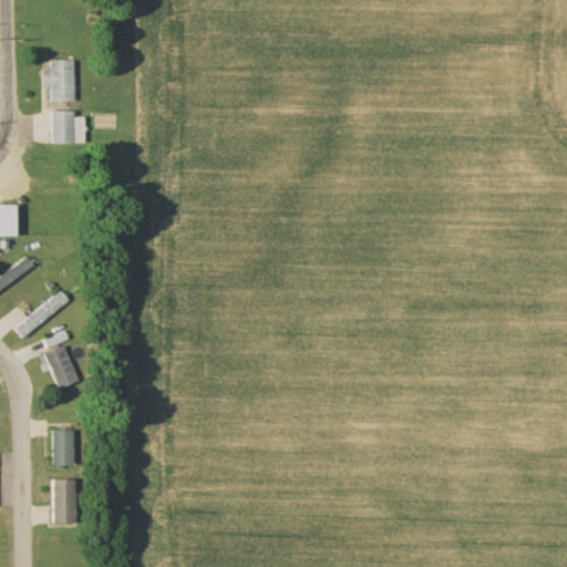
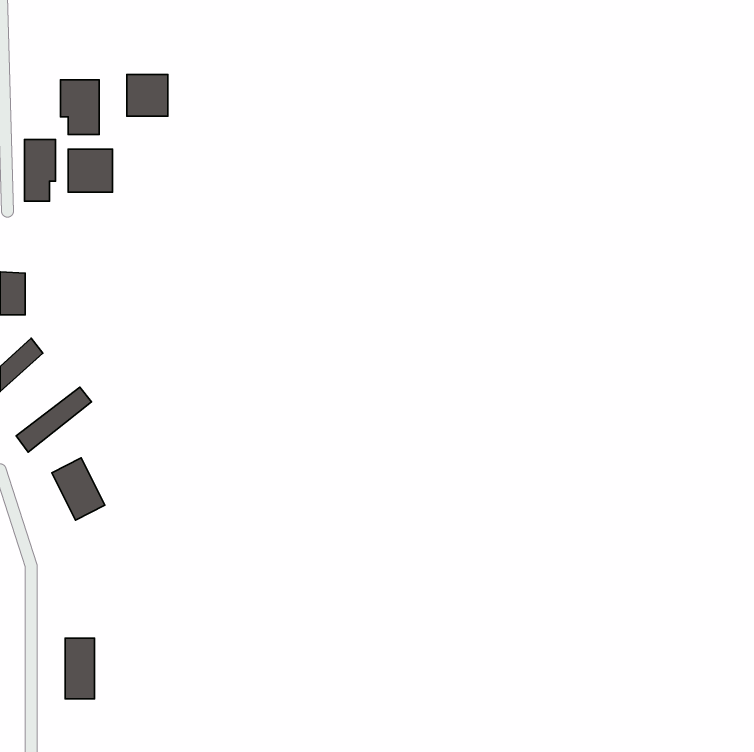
building: none -> [127,74,168,116]
building: none -> [24,139,56,201]
building: [50,430,72,464] -> none

